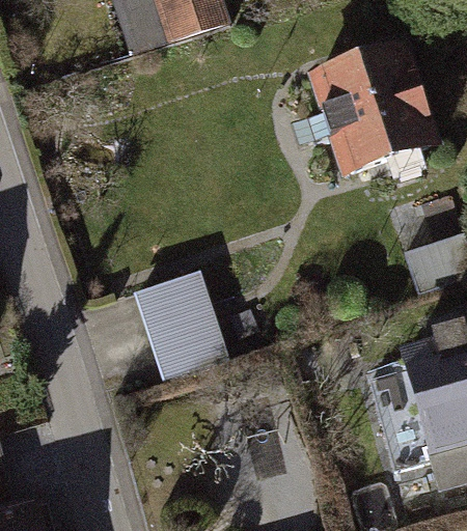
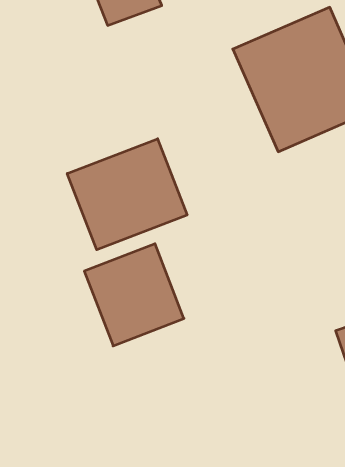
building: none -> [67,139,187,250]

